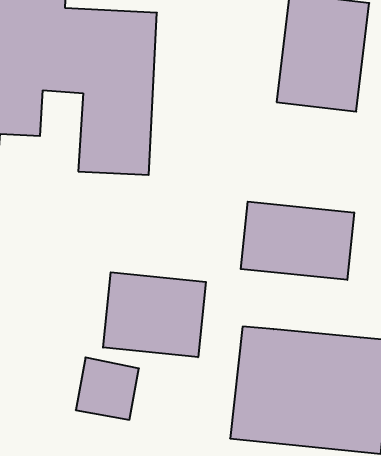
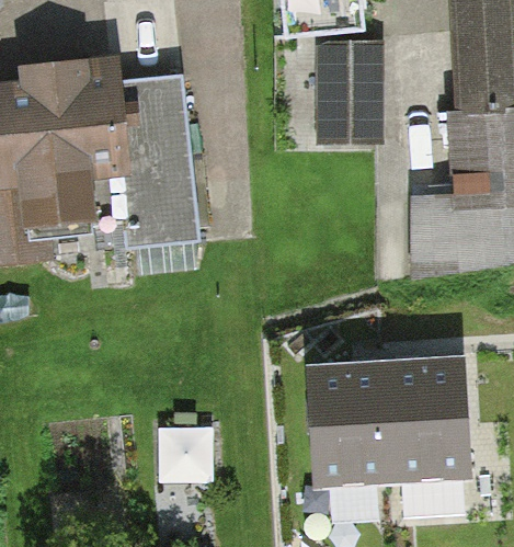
building: [241,202,354,280] -> none
building: [103,272,206,357] -> none

